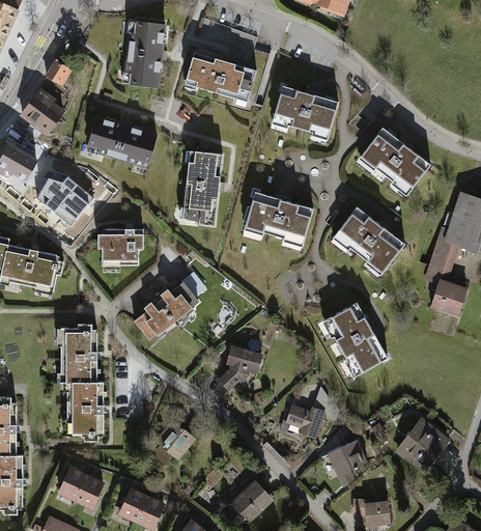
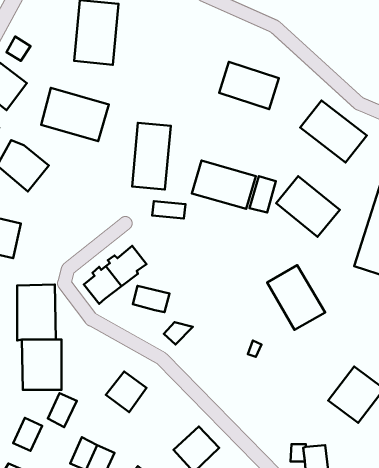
building: [186,52,257,102] -> none
building: none -> [250,176,276,212]
building: [93,232,139,274] -> none
building: none -> [152,201,185,219]
building: [223,344,262,372] -> [133,286,169,312]
building: [285,402,326,437] -> none
building: [328,437,369,483] -> none
building: [73,476,104,512] -> [48,393,77,427]

